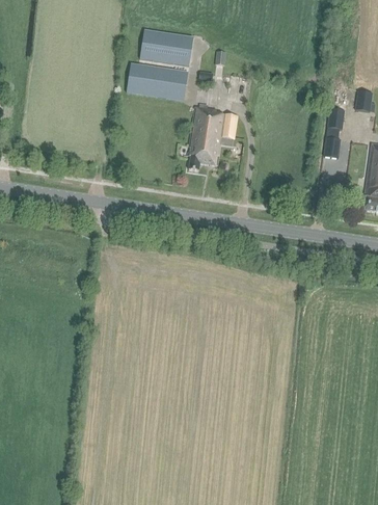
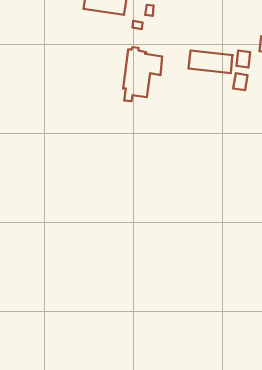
building: [126,62,188,100] -> none
building: none -> [189,50,233,73]

